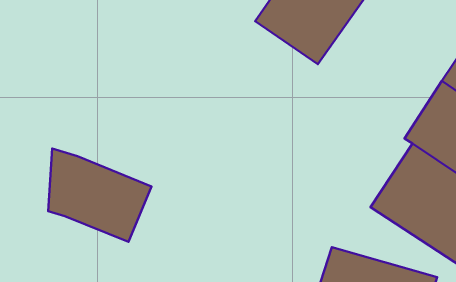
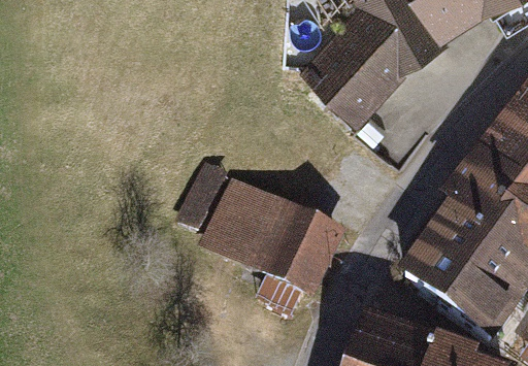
building: none -> [175,169,342,300]
building: [48,149,152,242] -> none

